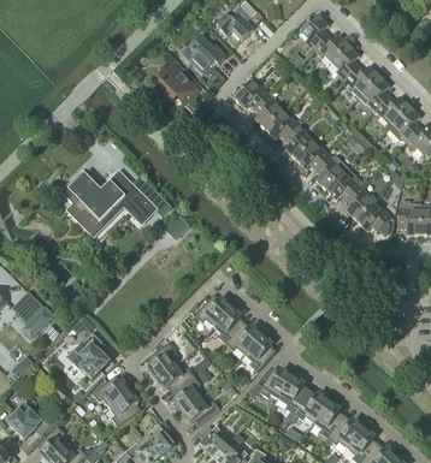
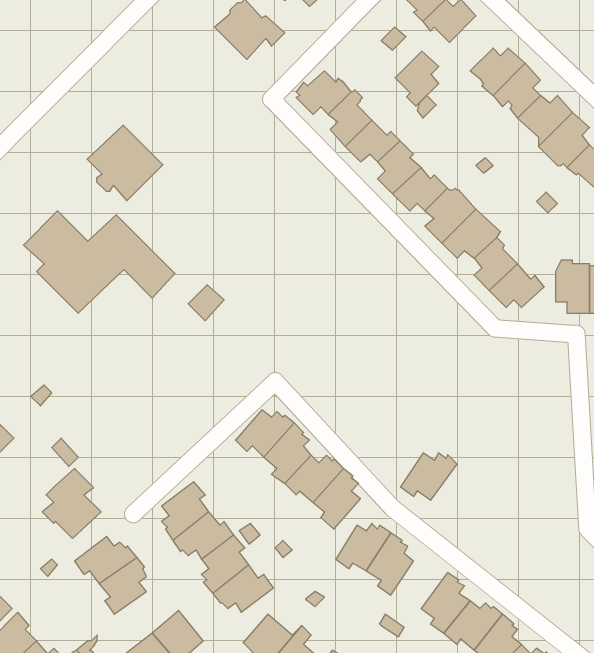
building: [331,46,359,81] -> [395,51,439,106]
building: [148,65,196,113] -> [87,125,163,201]
building: [294,392,330,422] -> [400,453,457,500]

